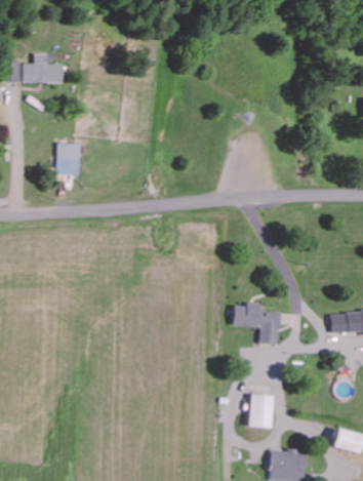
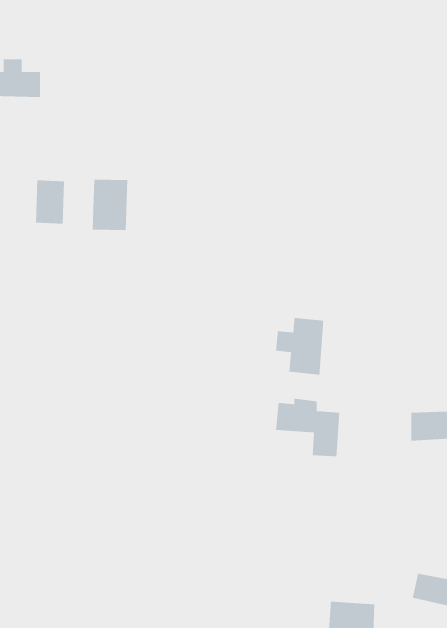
building: none -> [92,179,128,231]
building: none -> [275,317,324,375]
building: [249,395,272,428] -> none

